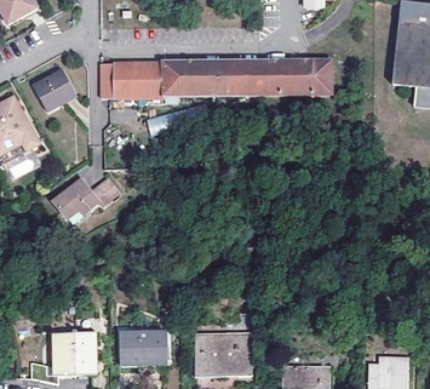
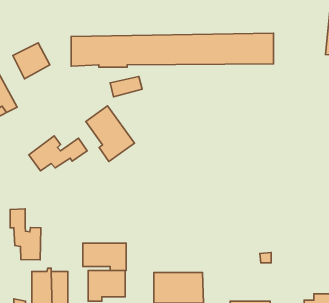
building: none -> [86,106,134,161]
building: none -> [10,209,41,260]
building: none -> [83,243,126,270]

